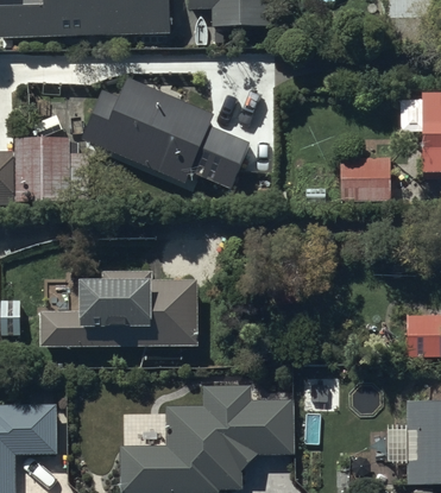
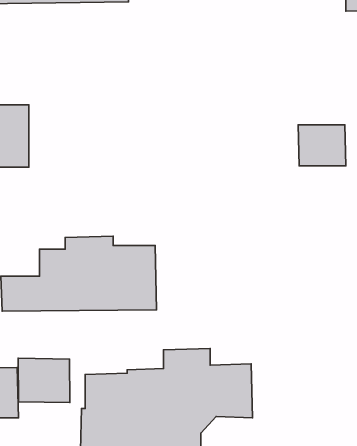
building: [82,77,251,190] -> none
building: none -> [18,358,70,402]

